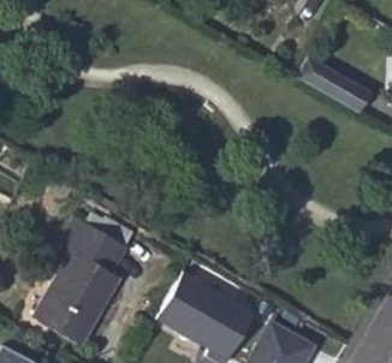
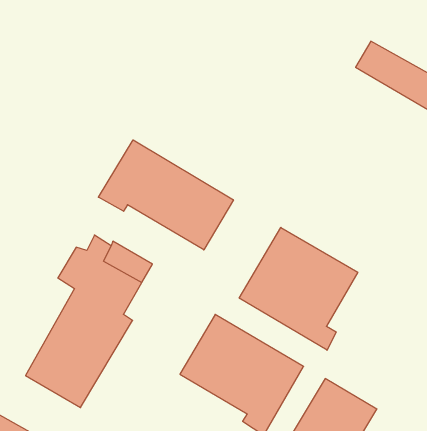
building: none -> [98,140,233,250]
building: none -> [239,227,358,350]

